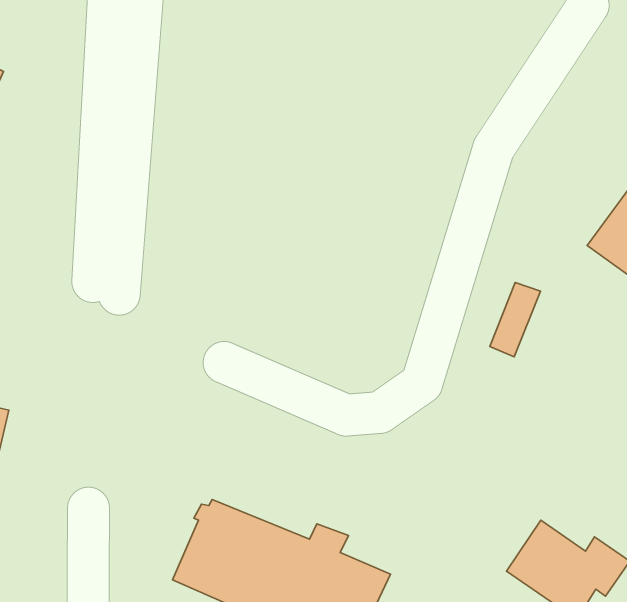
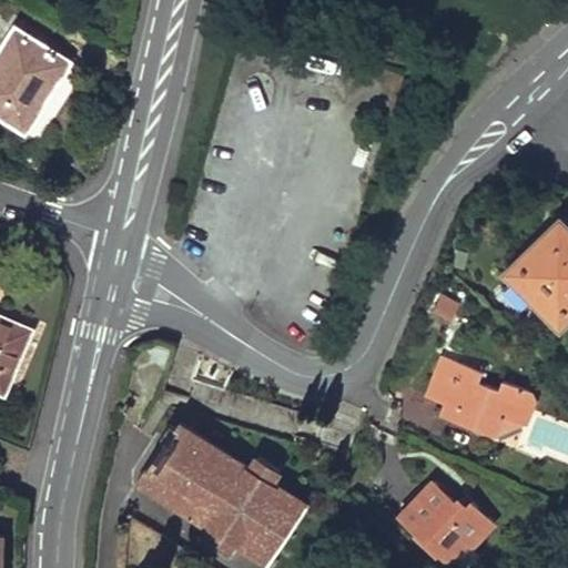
building: none -> [426,358,509,437]

